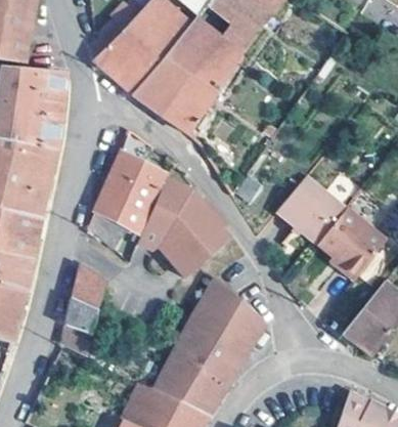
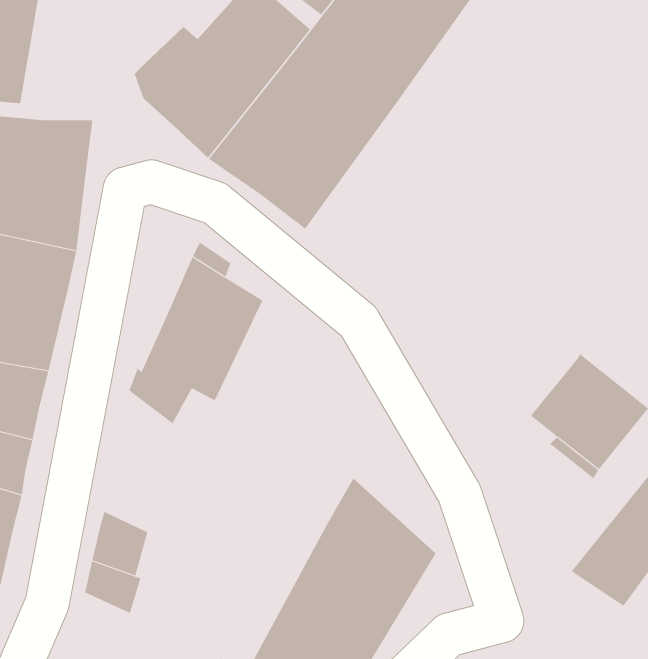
building: [277,177,346,243] -> none
building: [138,183,230,277] -> none
building: [72,263,106,310] -> none

